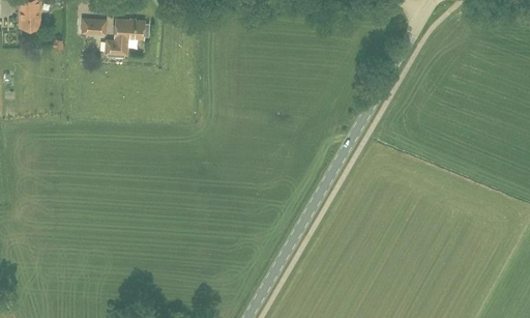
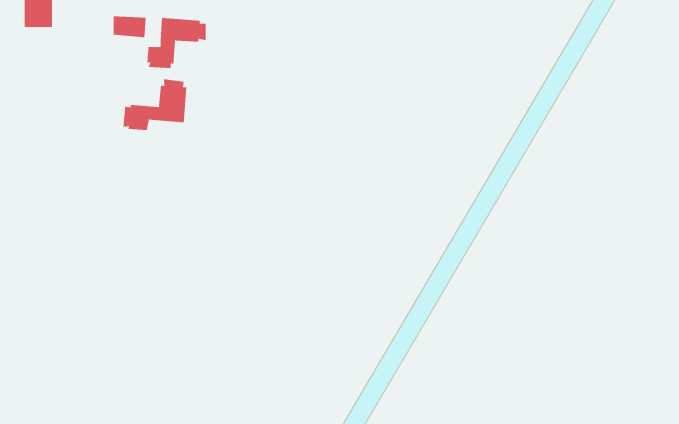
building: none -> [123,78,187,131]

